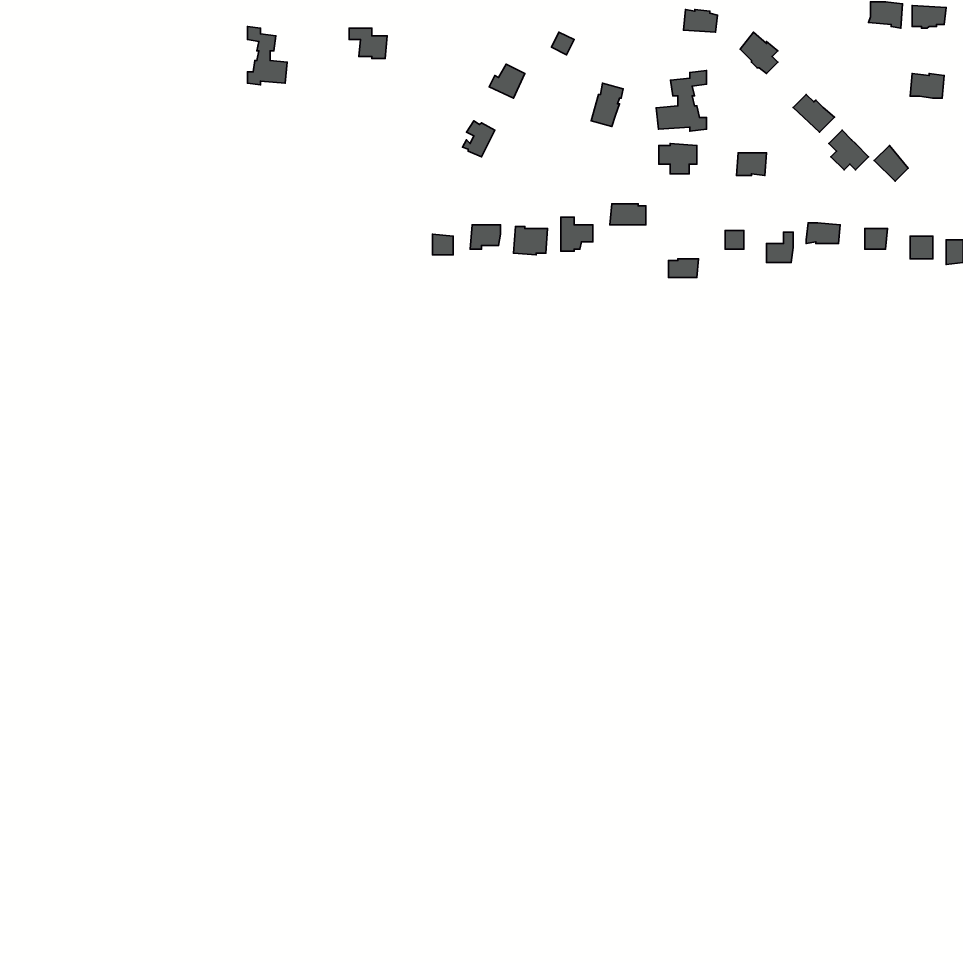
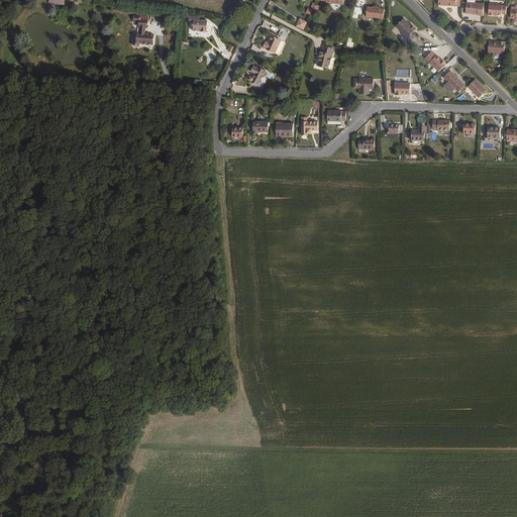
building: [656,70,707,131] -> none

